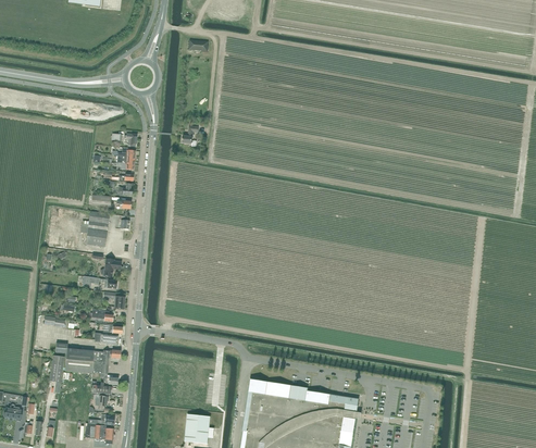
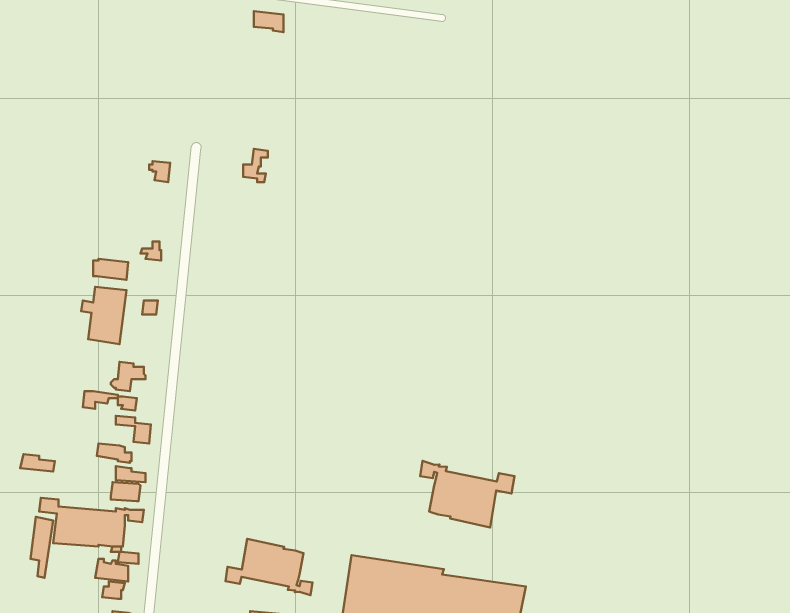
building: none -> [420,461,514,528]
building: none -> [225,539,312,595]

